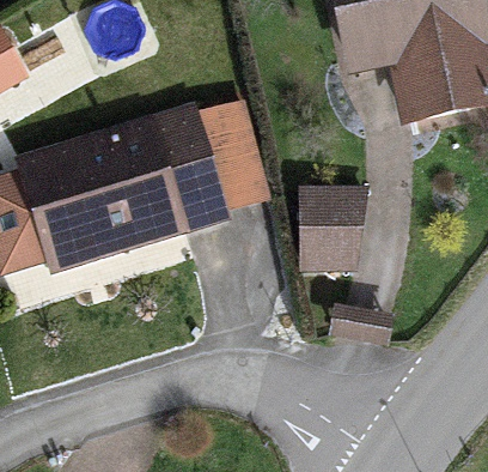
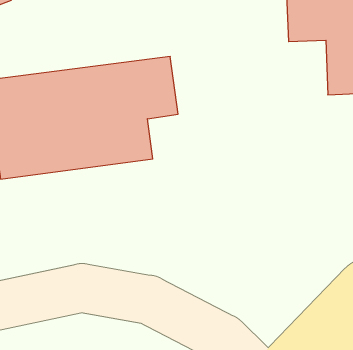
building: [300,188,361,270] -> none

